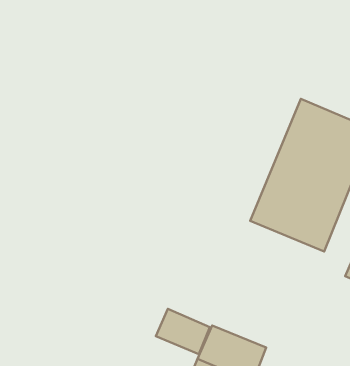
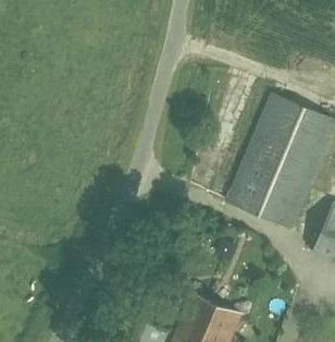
building: [156,309,210,354] -> none

